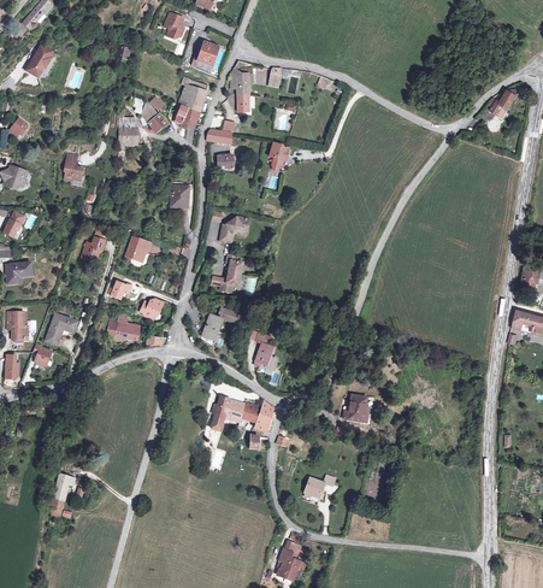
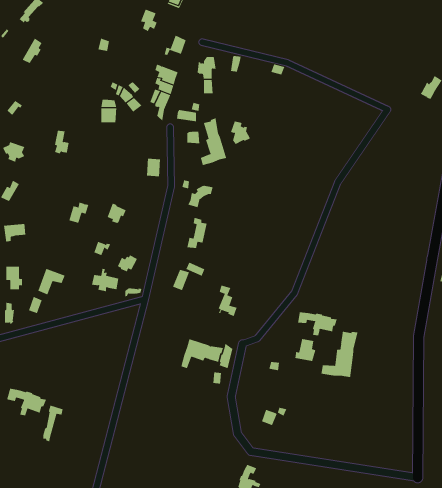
building: none -> [200,118,227,166]
building: none -> [298,312,338,336]
building: none -> [321,331,358,378]
building: none -> [6,388,47,416]

